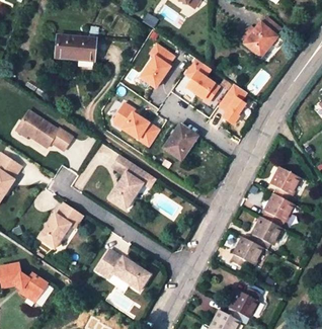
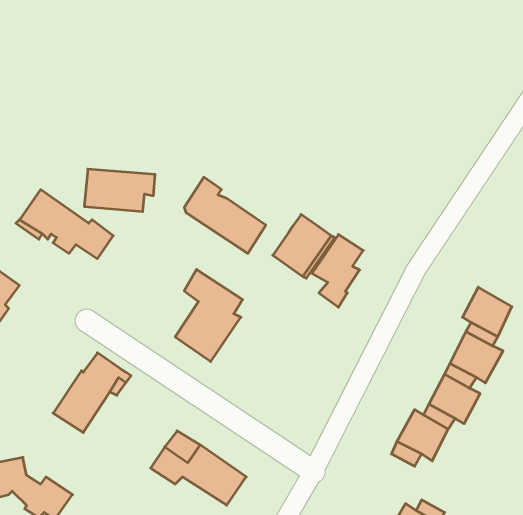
building: [241,24,283,57] -> none
building: [53,35,93,60] -> [84,169,155,212]
building: [139,44,173,87] -> none
building: [184,58,218,101] -> none
building: [218,83,247,125] -> [312,234,363,307]

